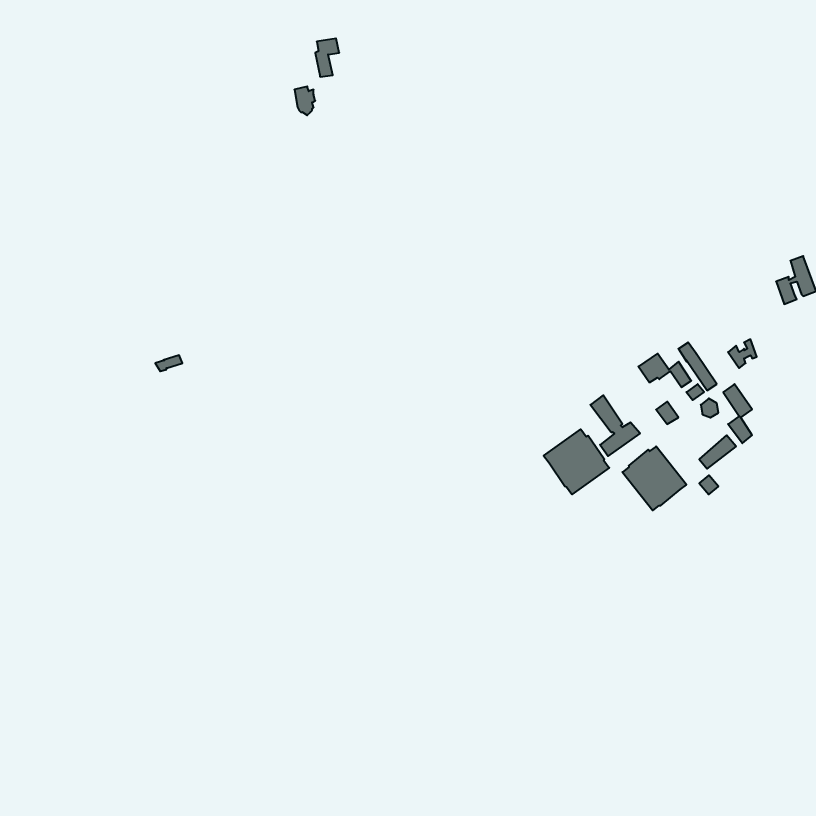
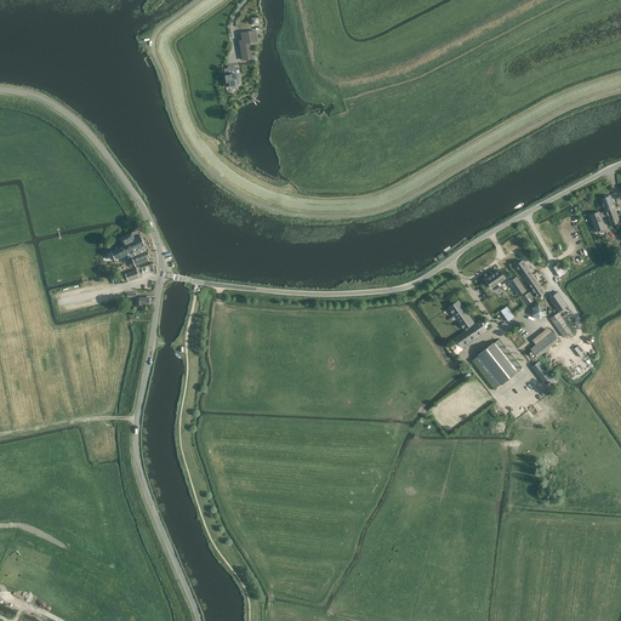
building: none -> [110,232,149,264]
building: [544,429,609,494] -> none

